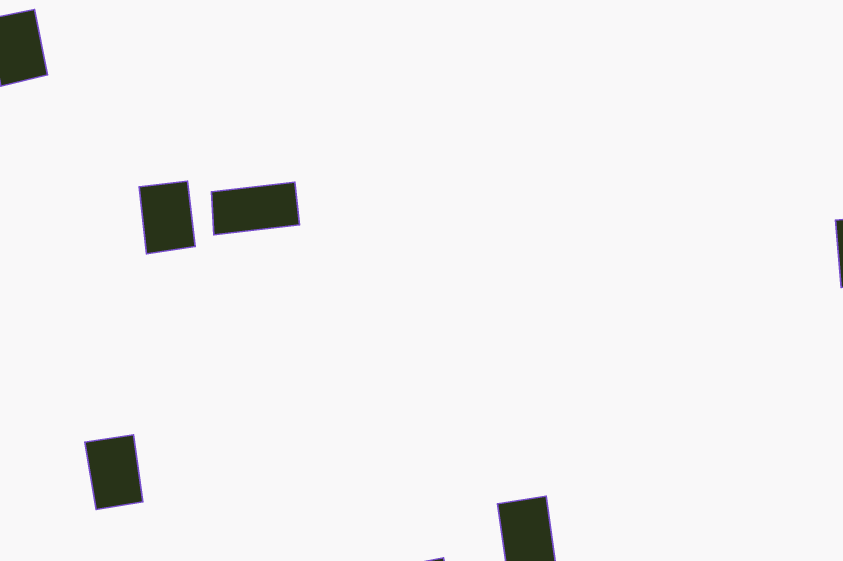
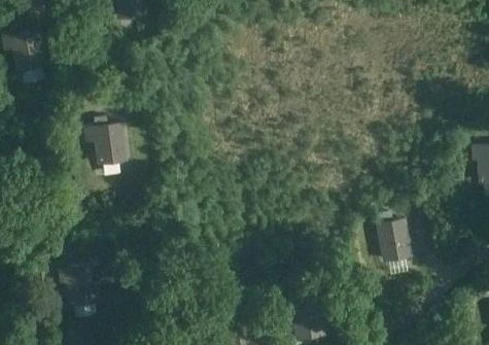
building: [211,182,300,235] -> none
building: none -> [378,220,411,262]

